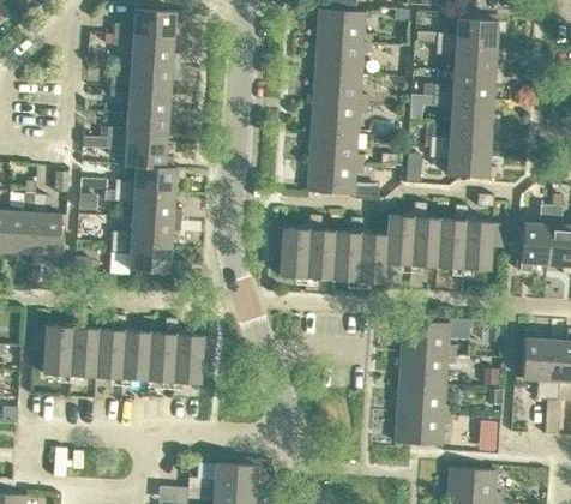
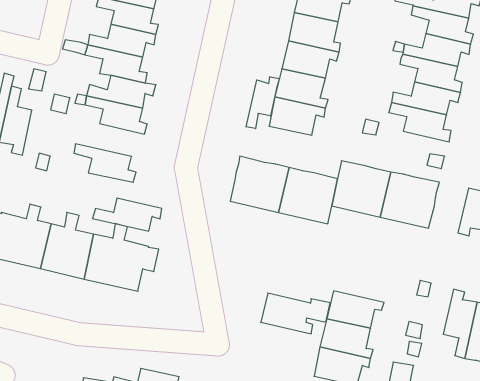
building: none -> [246,77,279,129]
building: [112,216,181,245] -> [93,198,162,231]
building: [402,318,470,354] -> [261,293,330,334]

